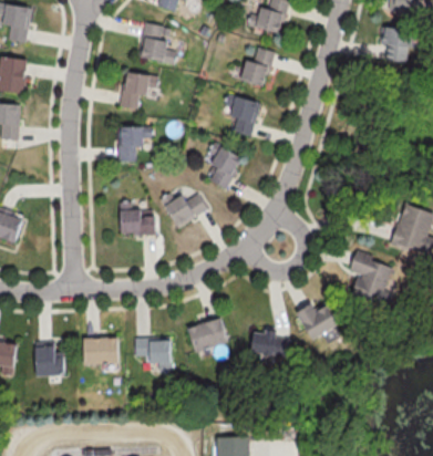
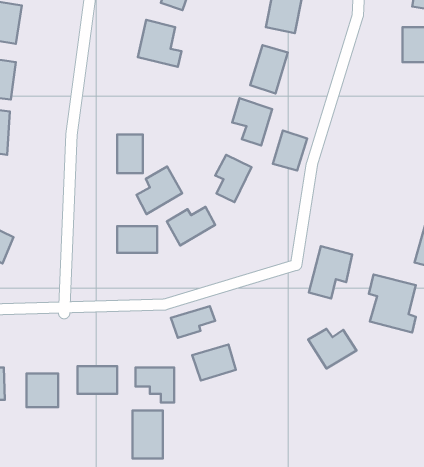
building: [121,72,156,108] -> none
building: none -> [273,130,307,171]
building: none -> [136,166,182,214]
building: none -> [309,246,352,298]
building: none -> [171,306,215,338]
building: [250,330,290,357] -> none
building: none -> [132,411,163,458]

